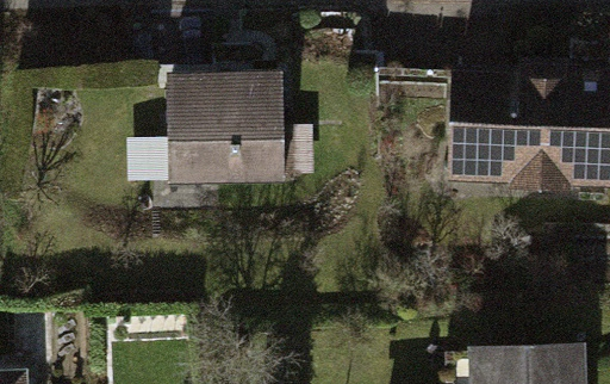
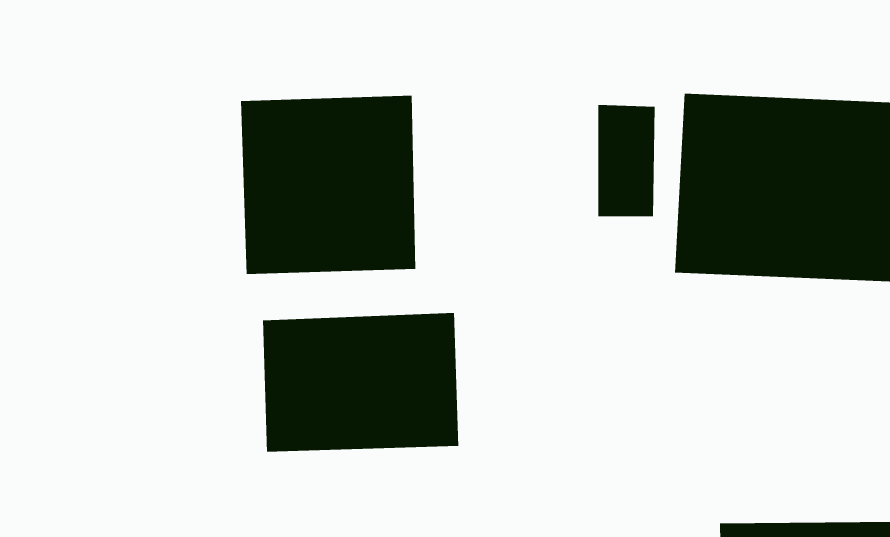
building: none -> [262,312,459,453]

